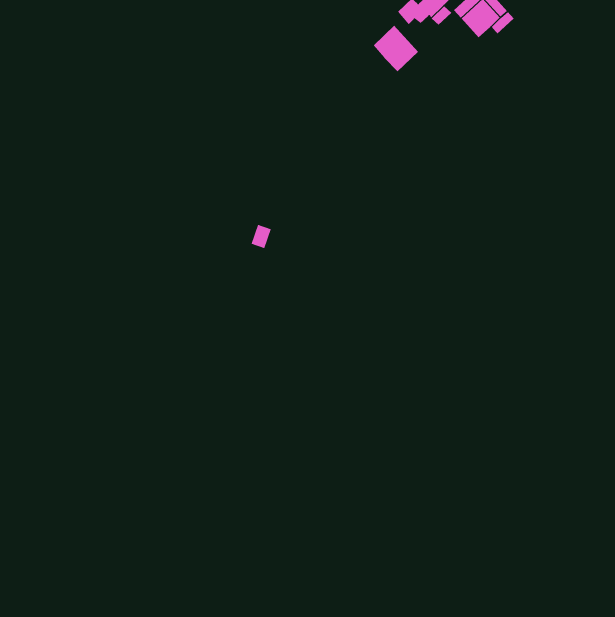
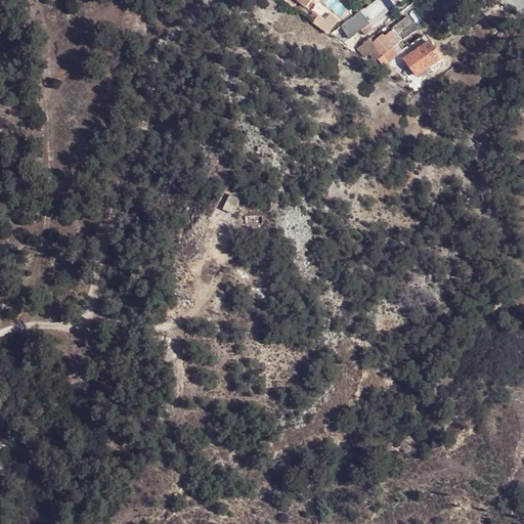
building: [373,25,419,72] -> none

